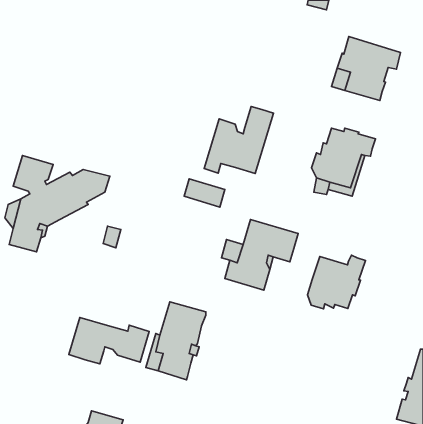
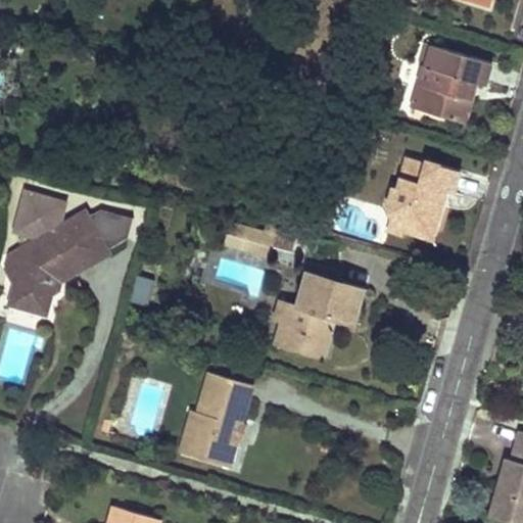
building: [204,106,273,173] -> none
building: [307,255,365,309] -> none
building: [69,317,149,364] -> none

